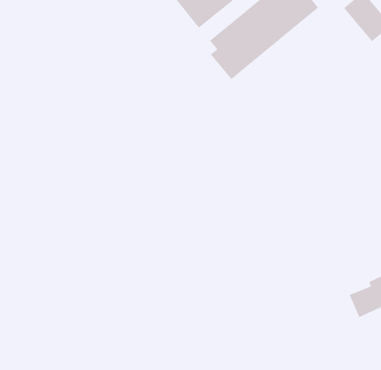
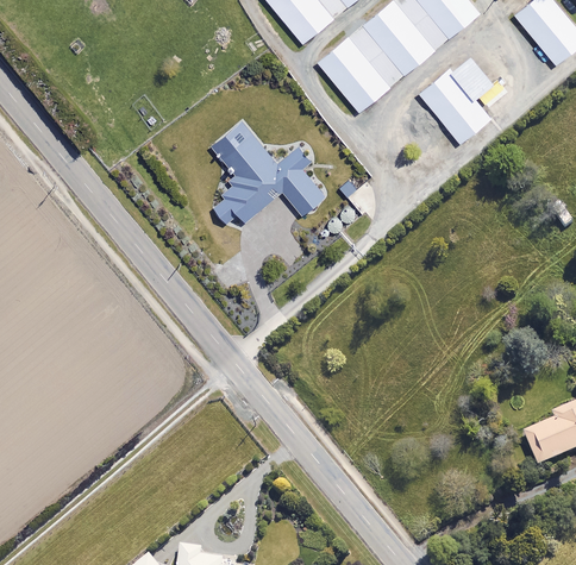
building: none -> [419,56,492,143]
building: none -> [211,131,324,222]

